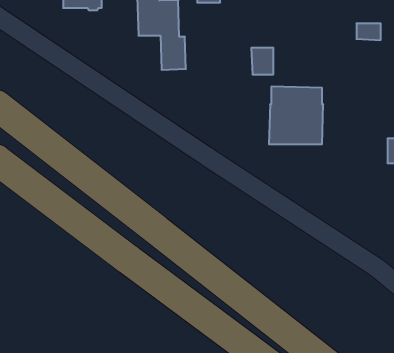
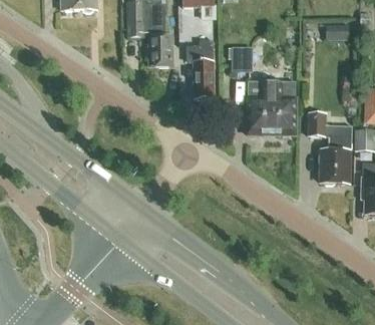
building: none -> [186,39,215,98]
building: none -> [309,113,353,181]

